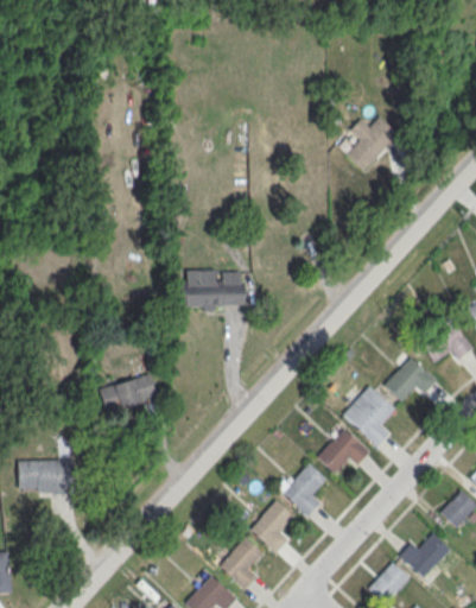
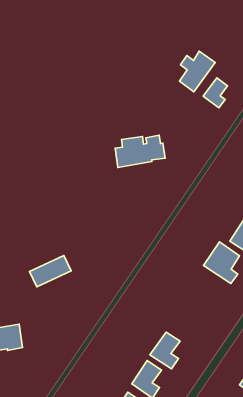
building: none -> [203,78,227,108]
building: [176,270,243,308] -> [115,135,165,167]
building: [317,429,369,473] -> none
building: [283,463,326,515] -> none

